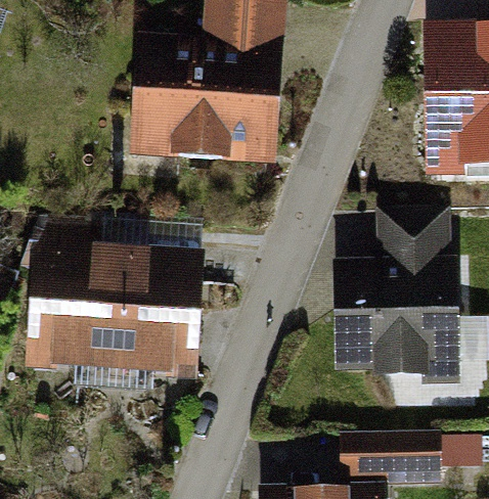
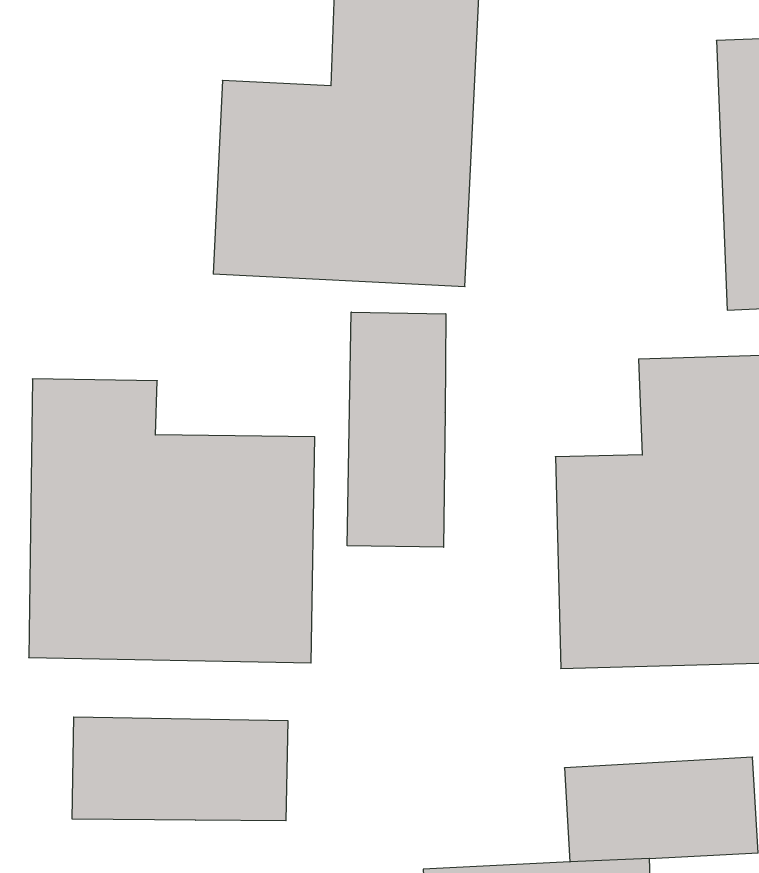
building: none -> [347,312,446,547]
building: none -> [72,717,288,821]

